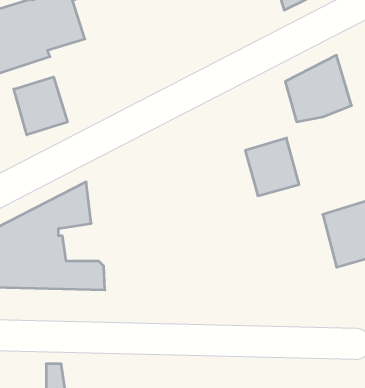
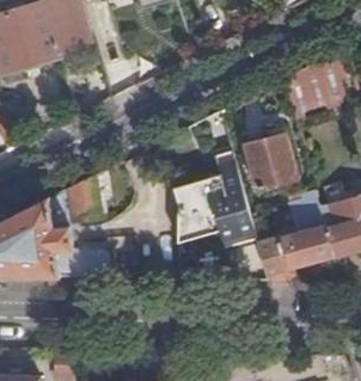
building: [14,77,67,135] -> none
building: none -> [173,156,255,244]
building: none -> [257,189,332,283]

